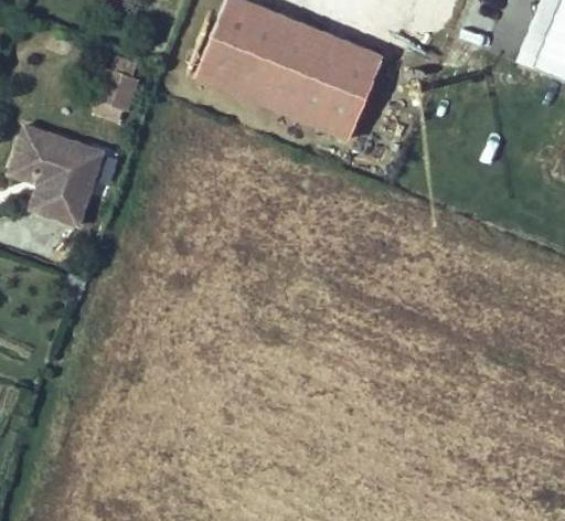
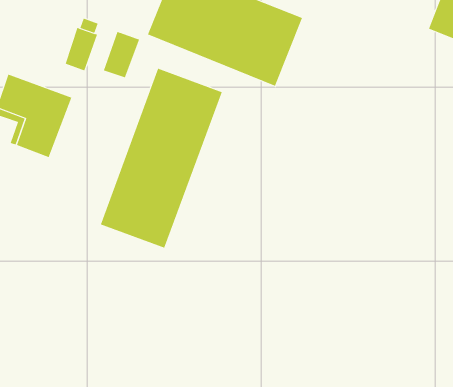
building: none -> [103,31,140,78]
building: none -> [100,68,223,248]

